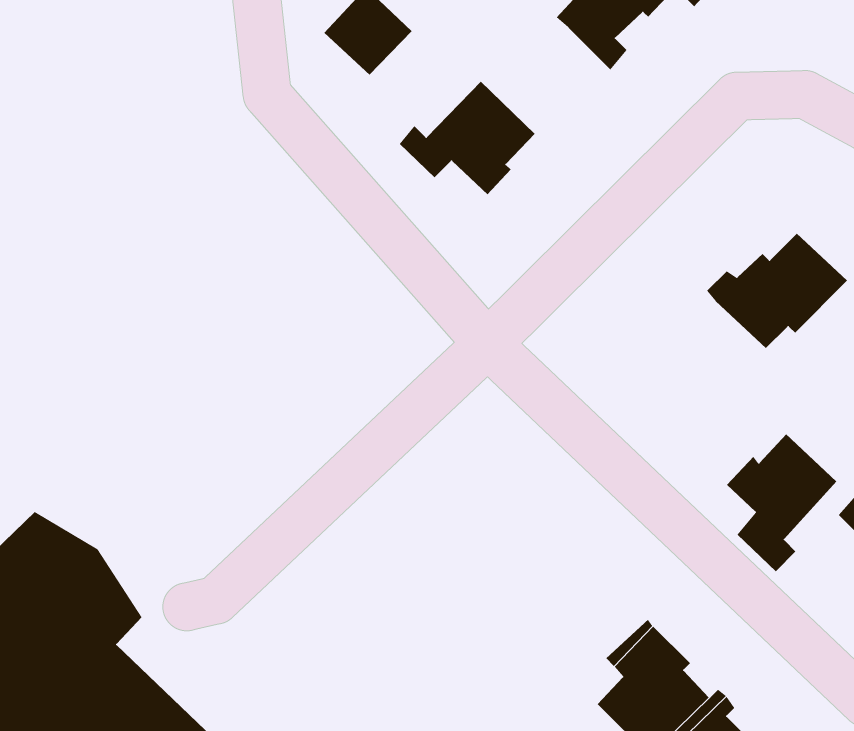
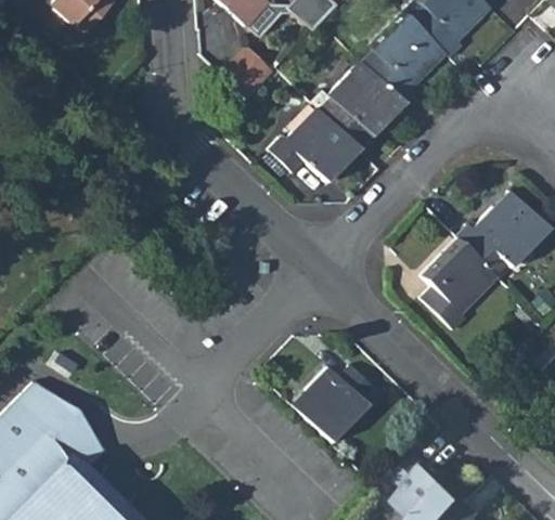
building: none -> [317,65,402,147]
building: [726,434,837,572] -> [427,245,498,333]
building: none -> [289,360,363,438]

